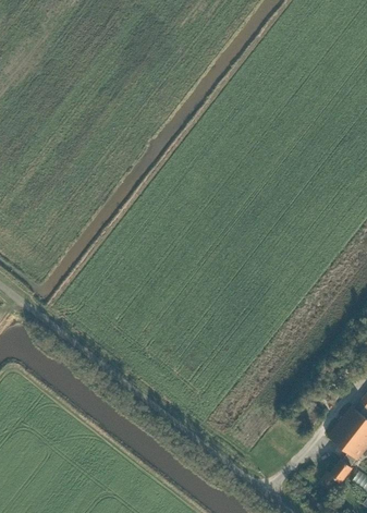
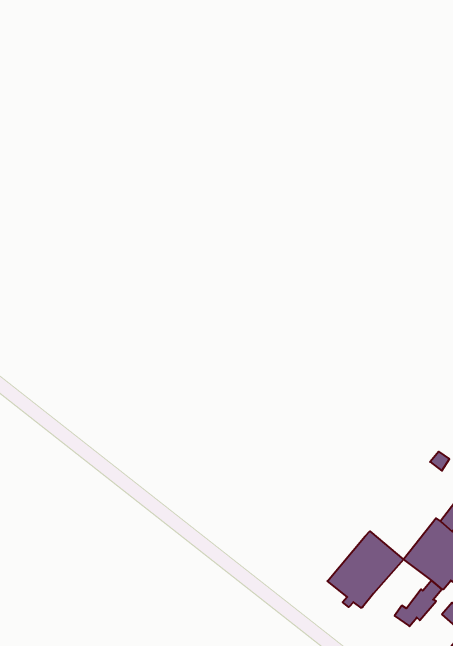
building: none -> [327,531,403,608]

